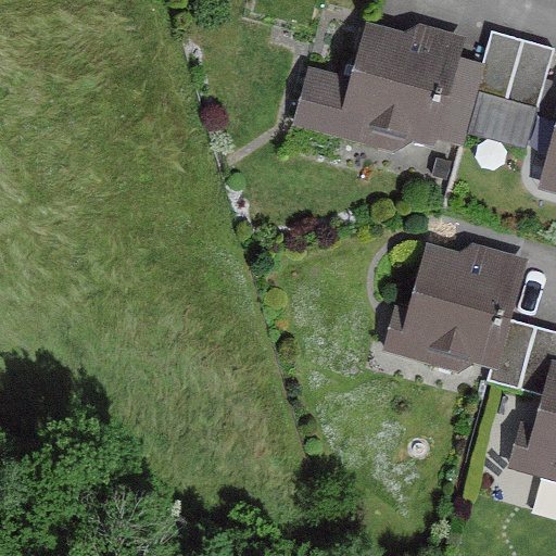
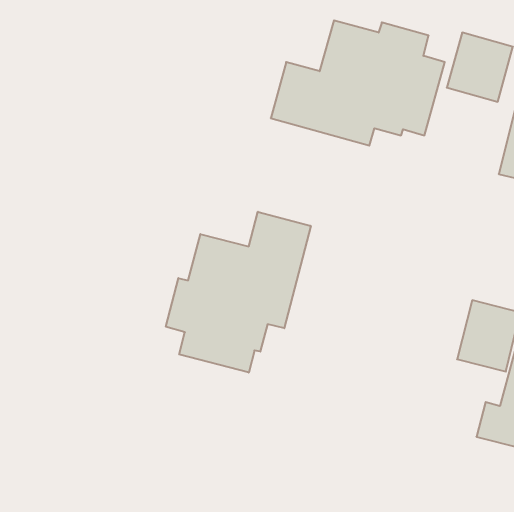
building: none -> [166,212,311,373]
building: [382,244,525,368] -> none

